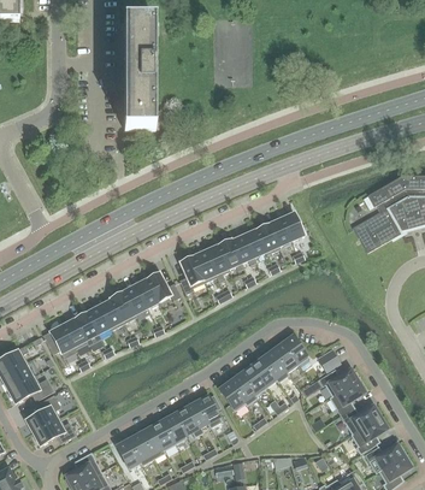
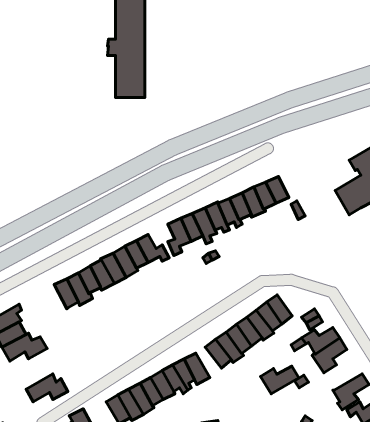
building: [42,324,77,358] -> none
building: [25,394,60,432] -> none
building: [341,405,380,433] -> [261,366,299,394]

